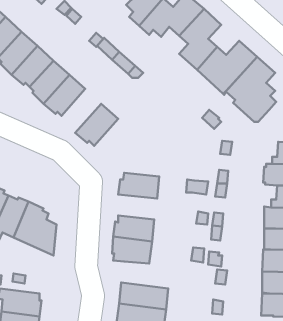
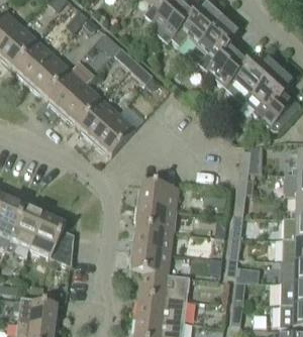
building: none -> [78,97,118,141]
building: none -> [134,204,175,229]
building: none -> [138,271,189,299]

